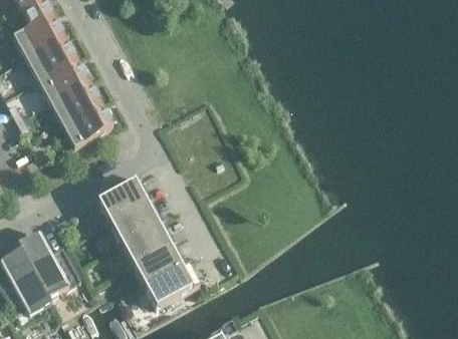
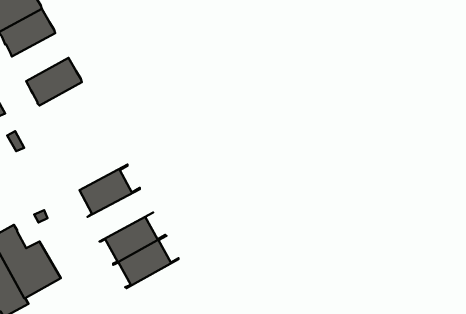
building: [36,56,87,99] -> none
building: [61,100,112,144] -> none
building: [104,197,164,244] -> none
building: [140,260,199,305] -> none

